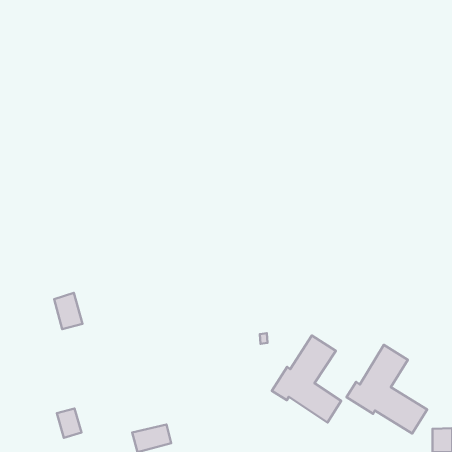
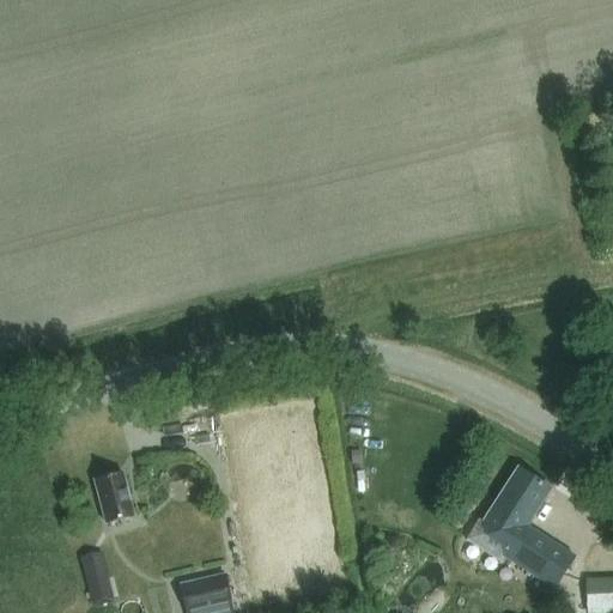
building: [54,293,83,329] -> [96,469,134,518]
building: [272,336,341,422] -> none

